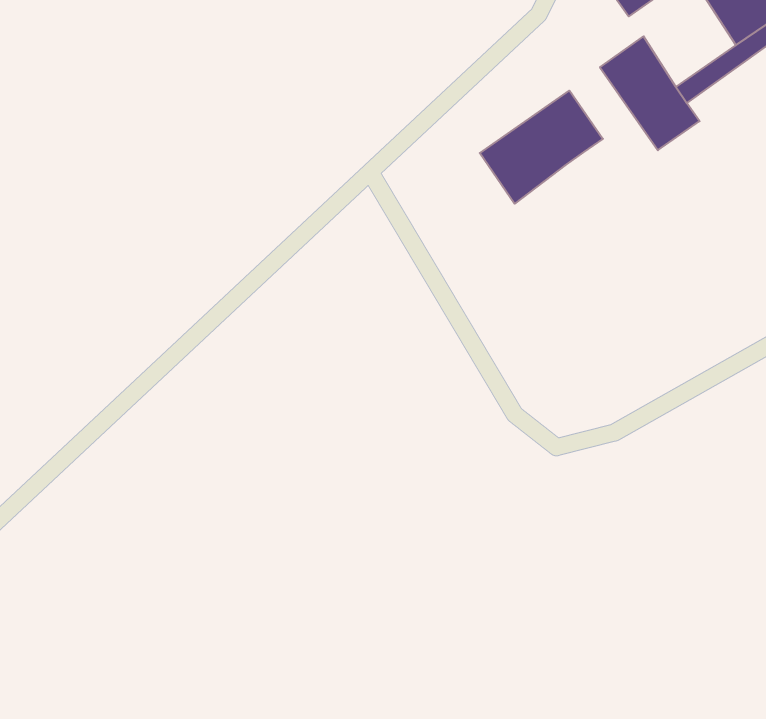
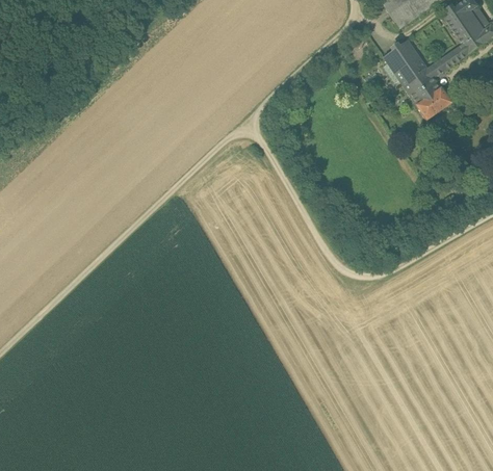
building: [480,91,603,204] -> none
building: none -> [415,87,451,120]

